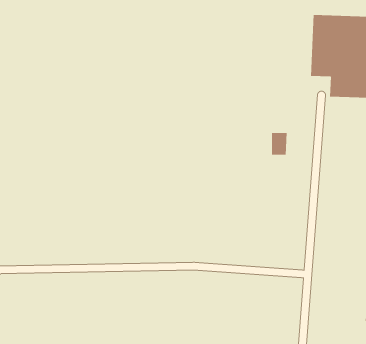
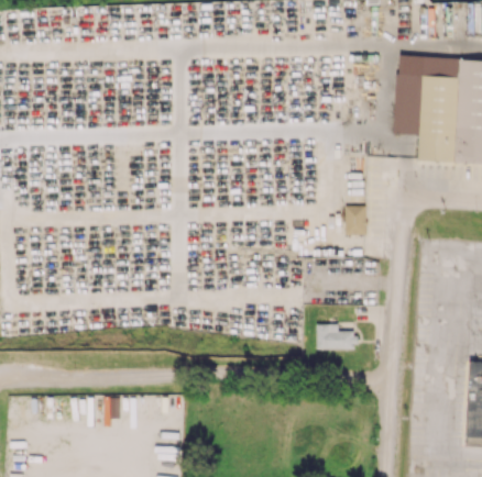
building: none -> [319,324,359,350]

